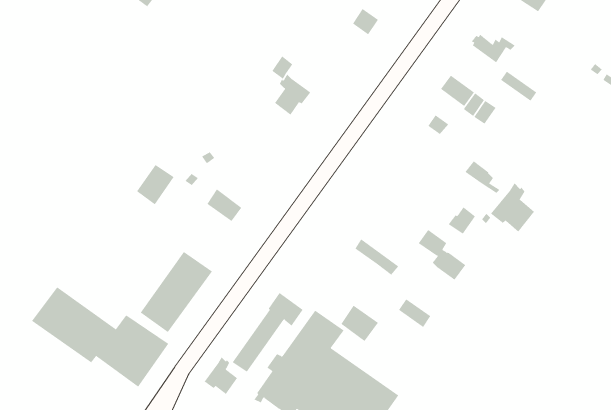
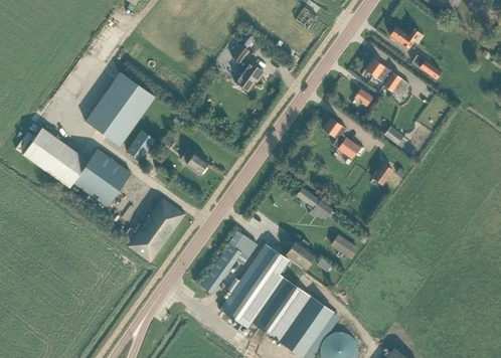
building: none -> [86,71,156,146]
building: [490,183,535,233] -> none
building: [418,229,466,280] -> [323,119,361,159]
building: [31,286,169,387] -> [23,128,132,207]
building: [204,356,238,395] -> none

